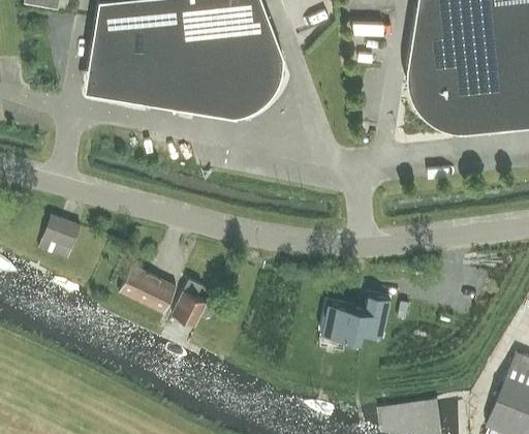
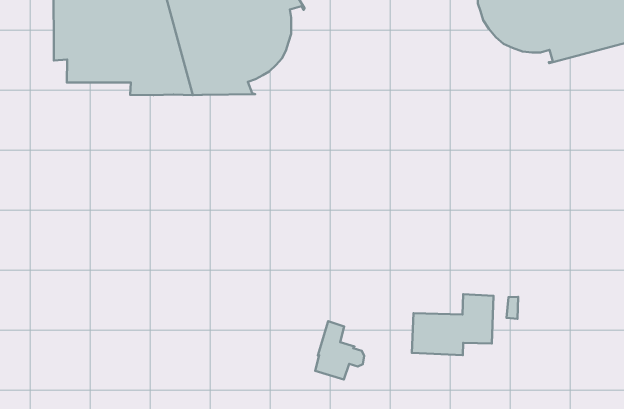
building: [38,216,81,261] -> none
building: [119,267,177,314] -> none
building: [174,280,213,327] -> [315,321,364,380]

